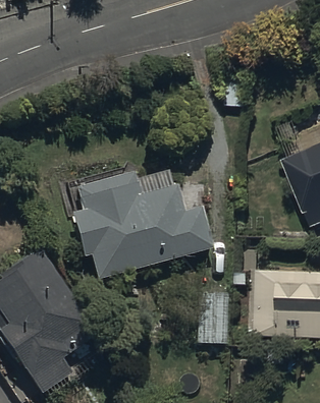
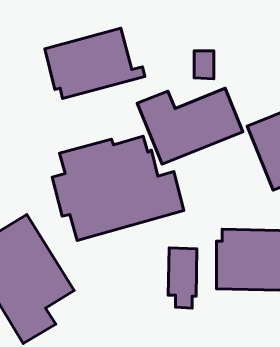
building: none -> [45,28,145,98]
building: none -> [137,88,243,164]

